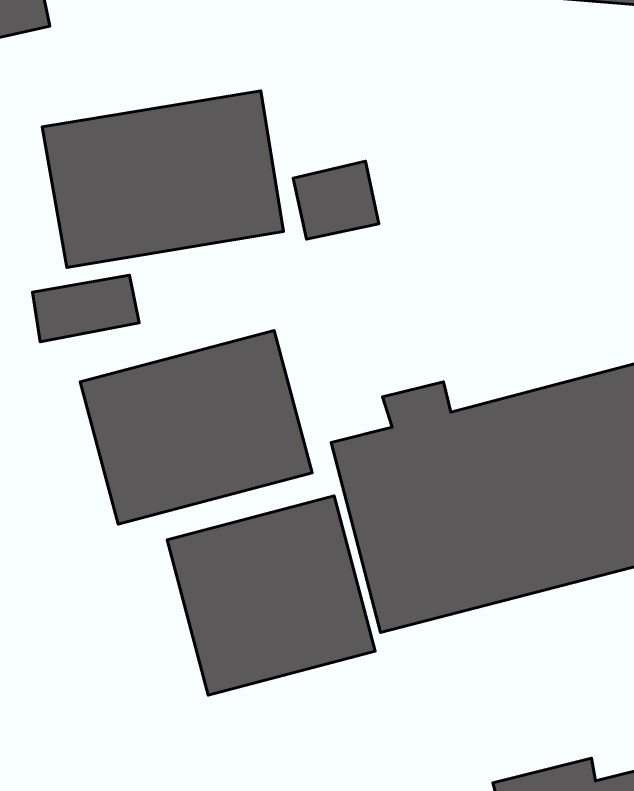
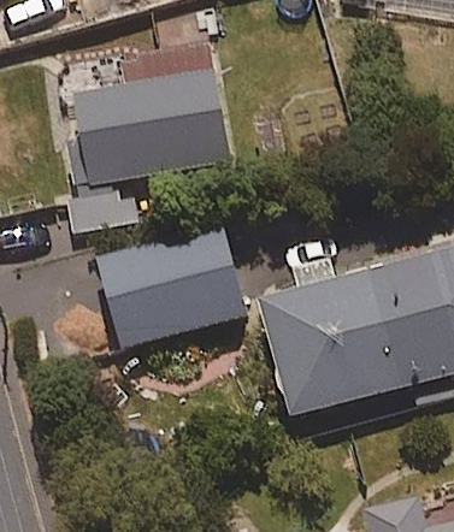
building: [167,496,375,695] -> none

